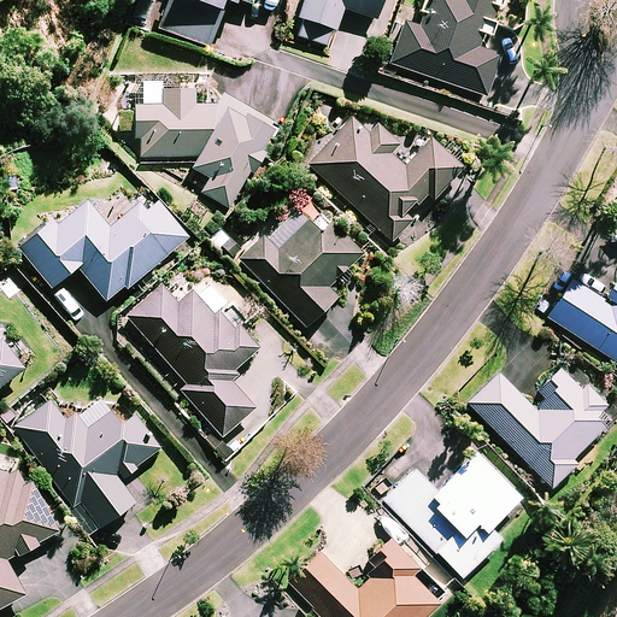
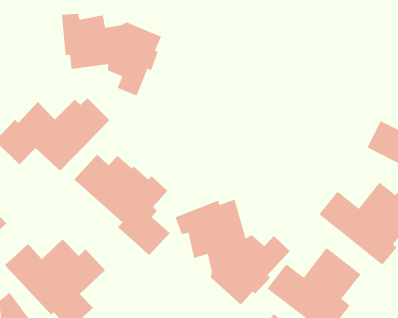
building: [307,116,464,241] -> none
building: [239,208,363,327] -> none
building: none -> [175,199,291,306]

